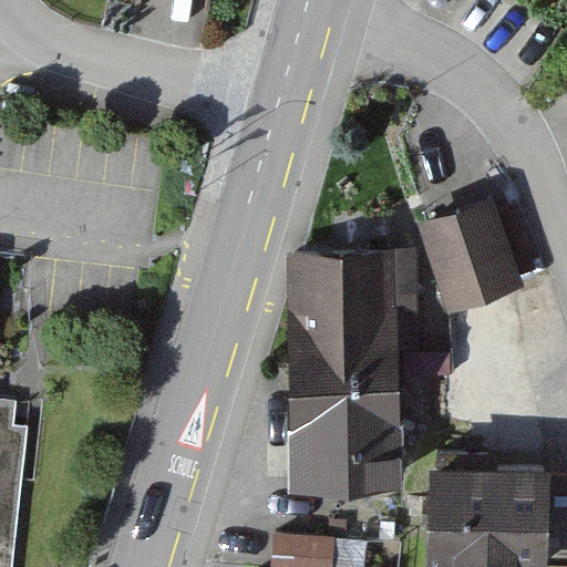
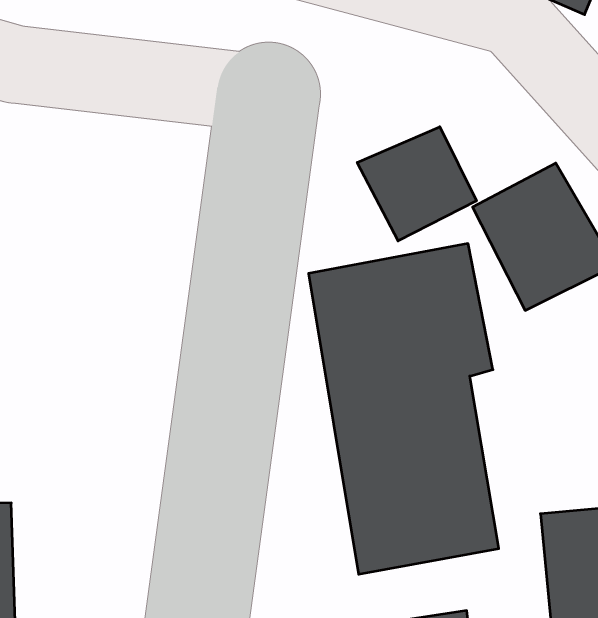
building: none -> [357,127,476,241]

